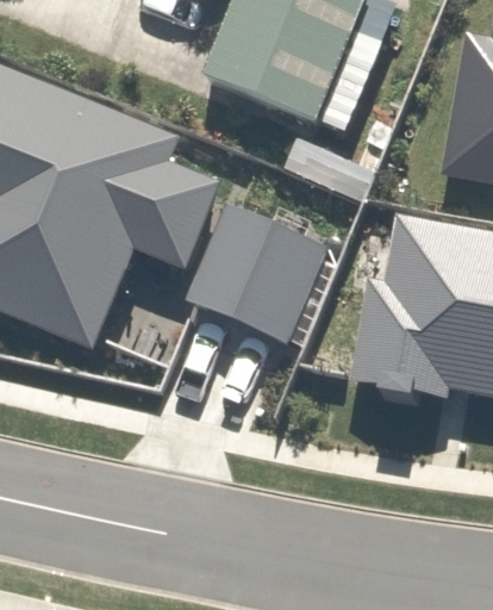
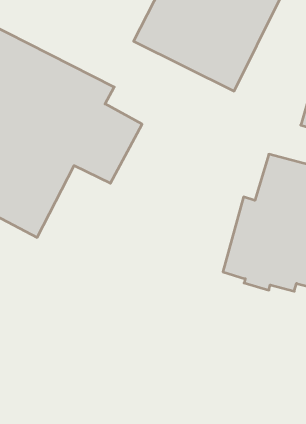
building: [186,203,327,341] -> none

